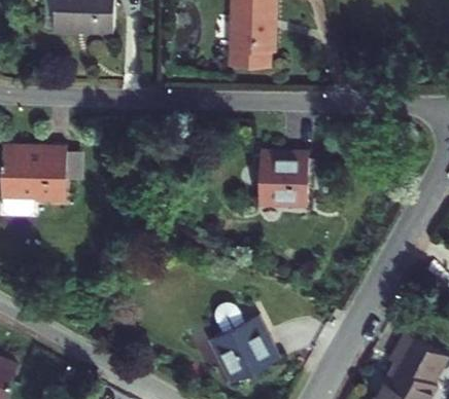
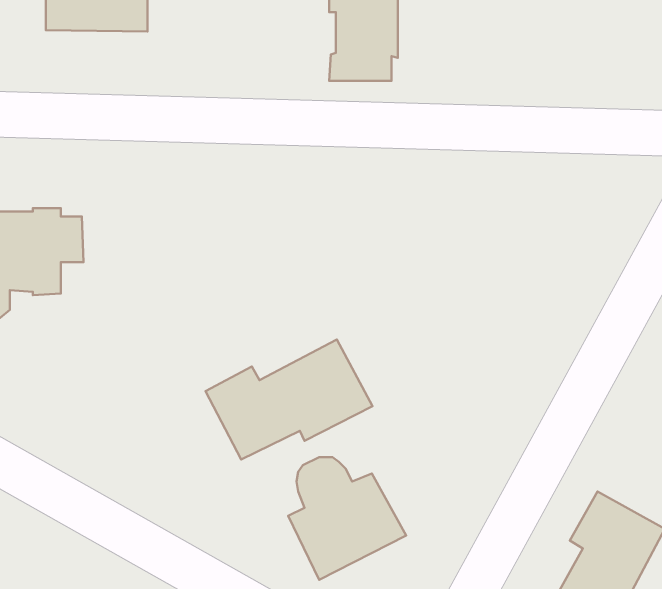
building: [256,148,307,207] -> none
building: none -> [205,339,373,460]

